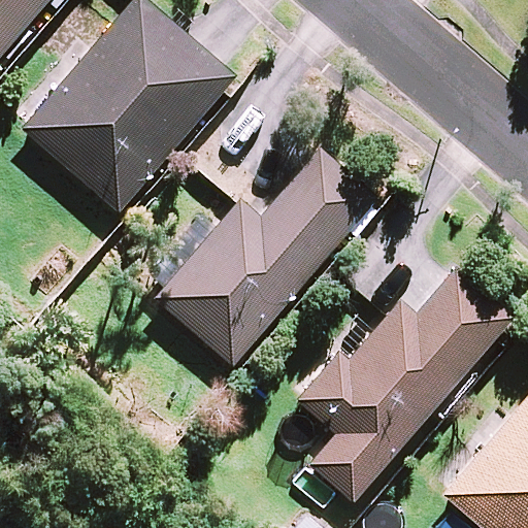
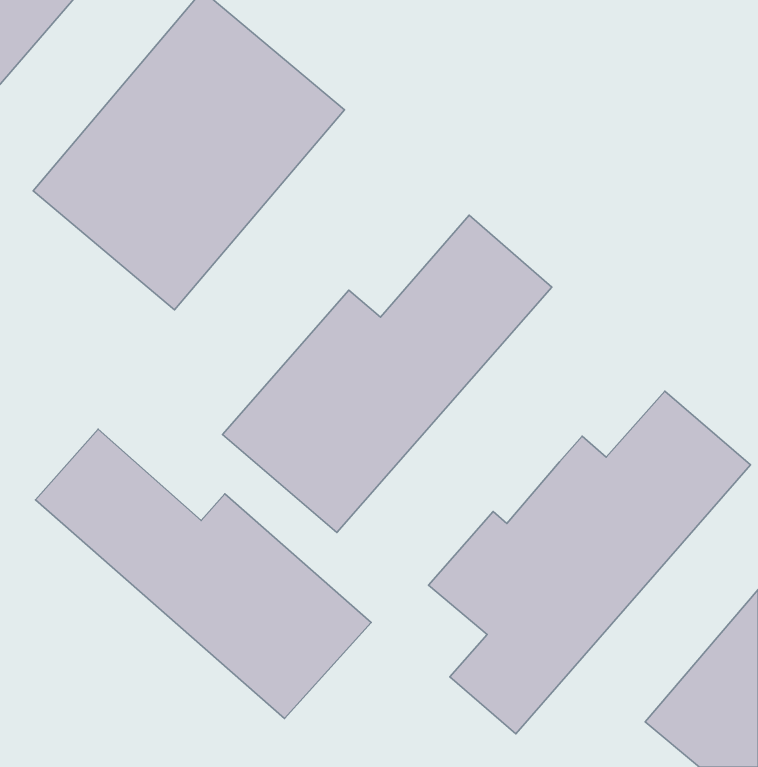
building: none -> [36,429,371,718]

